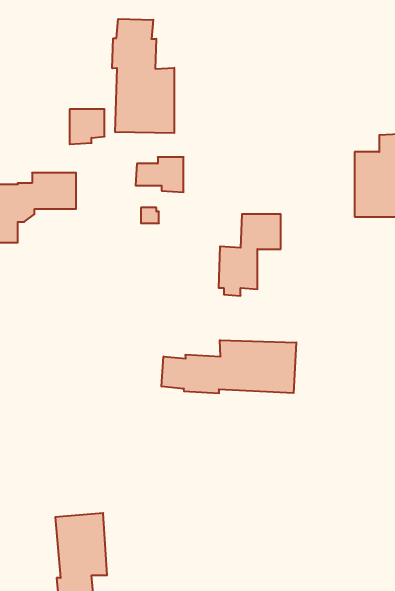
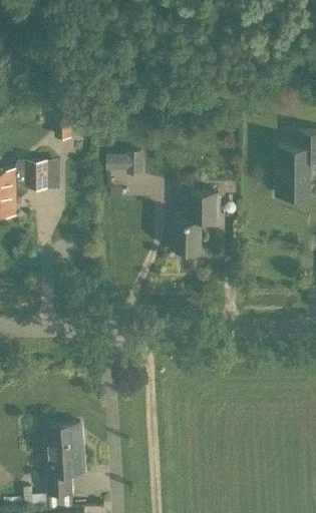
building: [112,19,174,133] -> none
building: [162,340,296,393] -> none

